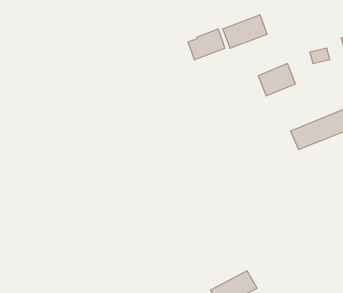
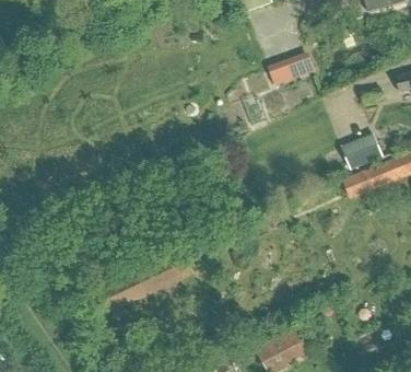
building: [188,29,225,60] -> none
building: [258,64,296,96] -> [342,133,383,168]

